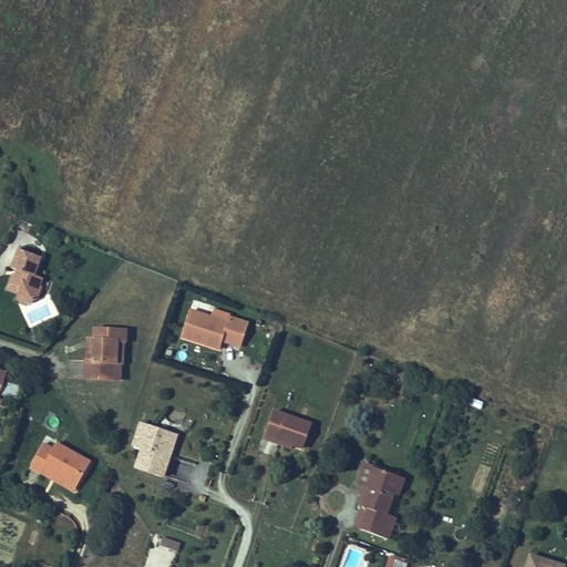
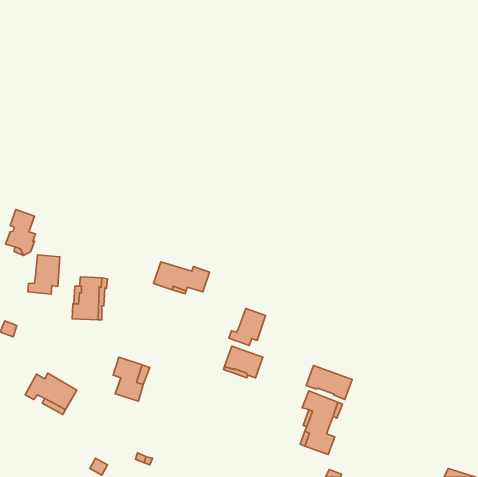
building: none -> [28,255,60,294]
building: none -> [229,309,266,346]
building: none -> [306,365,352,400]

